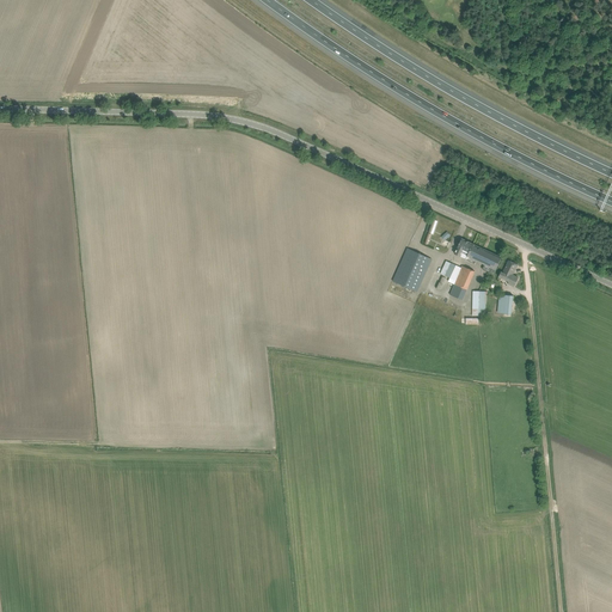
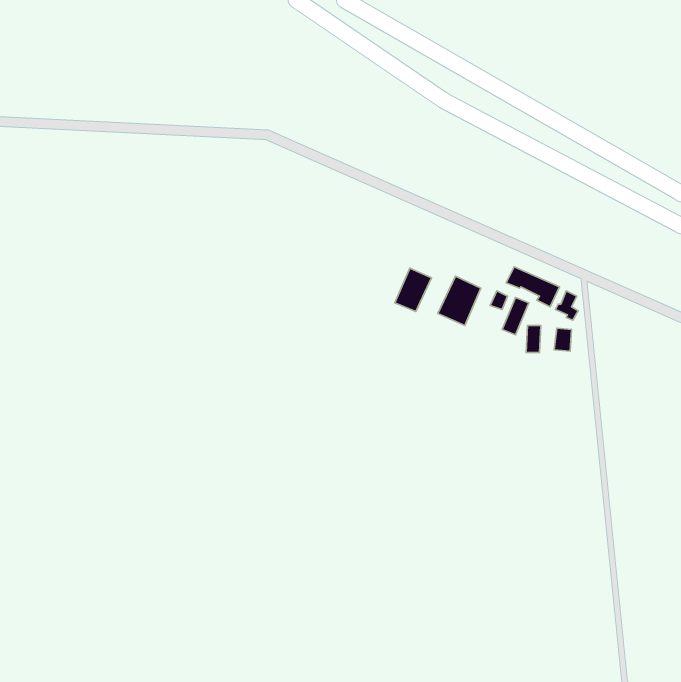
building: none -> [395,268,432,312]

